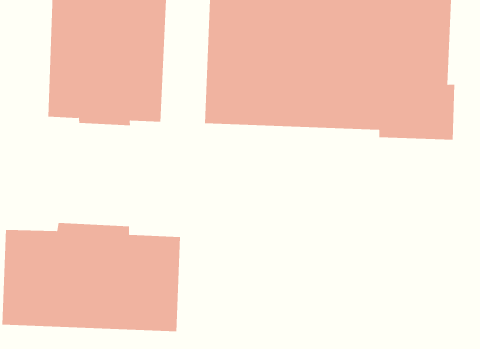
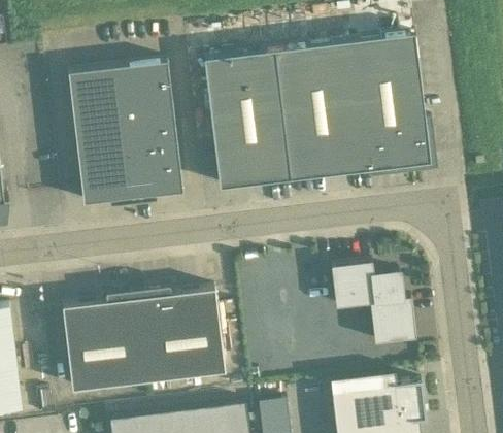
building: none -> [331,263,415,344]

